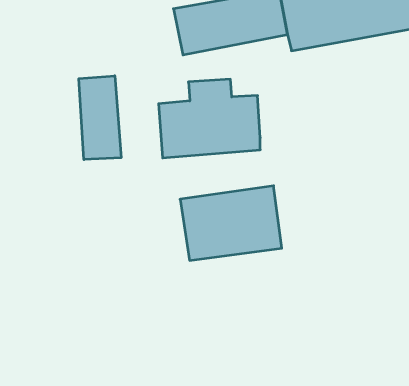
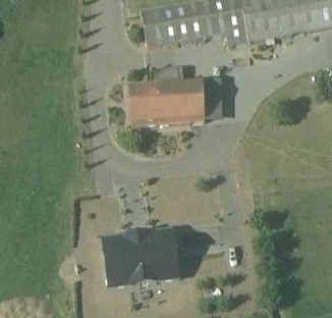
building: [79,76,121,160] -> none
building: [180,186,282,260] -> [103,228,179,284]

